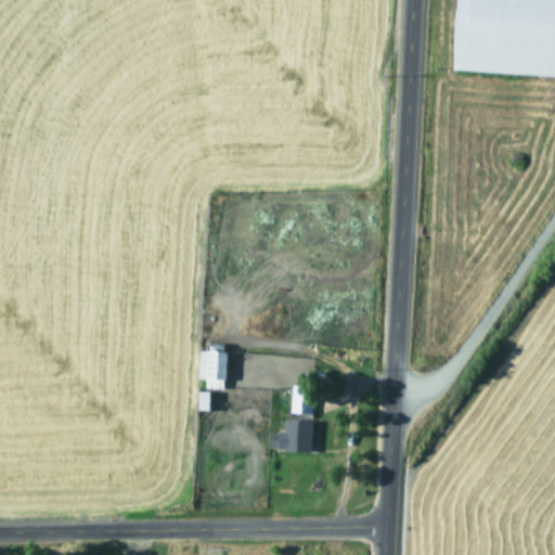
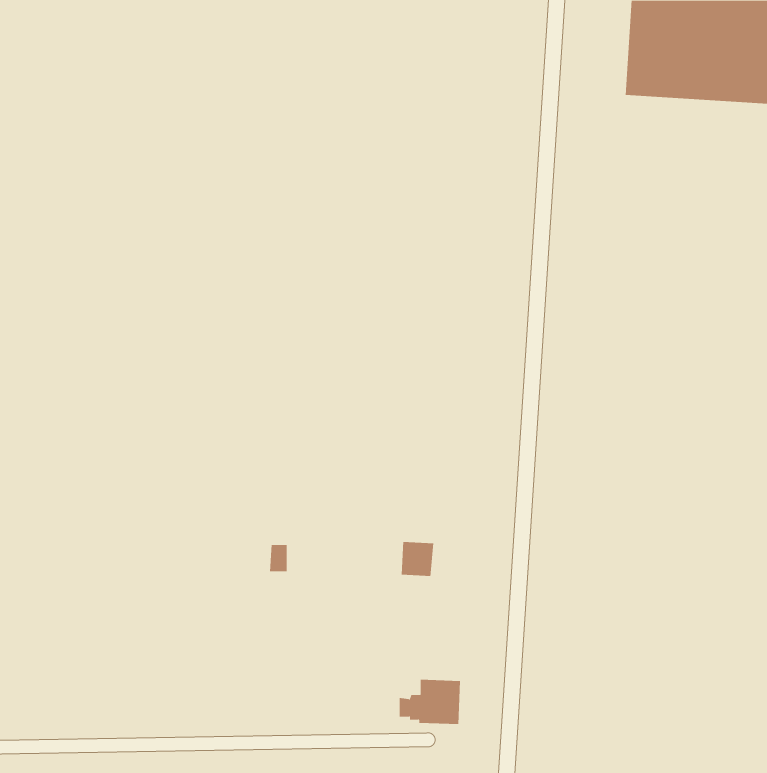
building: [201,350,228,388] -> none
building: [270,420,314,452] -> [399,679,461,725]

